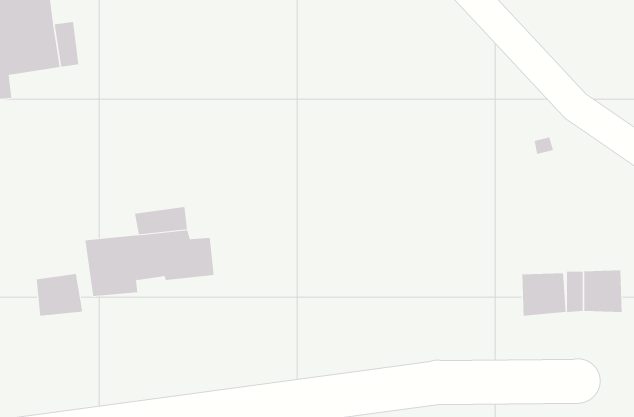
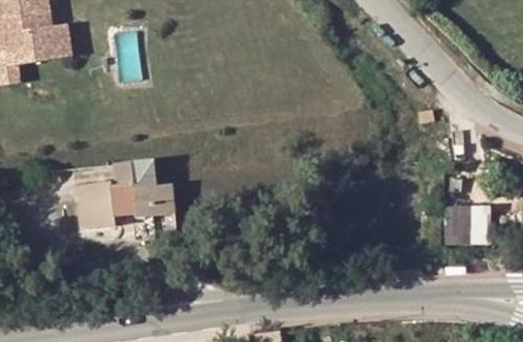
building: [522,273,566,316] -> none
building: [36,273,83,317] -> none

